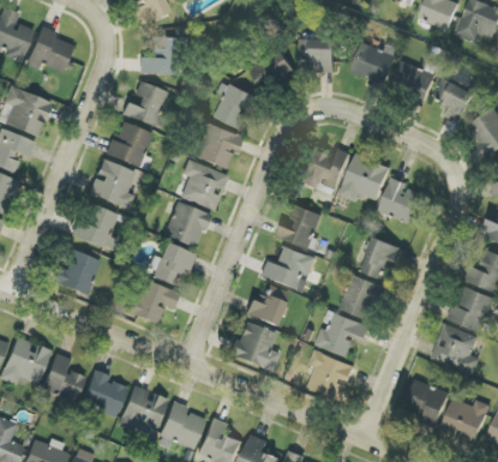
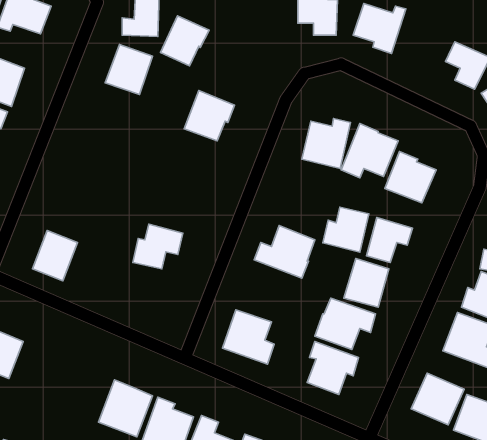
building: [247,48,294,92] -> none
building: [391,60,436,97] -> none
building: [214,84,258,130] -> [160,16,209,66]
building: [104,122,151,167] -> none
building: [180,160,227,210] -> none
building: [88,161,134,208] -> none
building: [163,202,209,248] -> none
building: [71,203,116,252] -> none
building: [277,206,319,247] -> [323,207,369,252]
building: [128,278,179,324] -> none
building: [245,286,287,325] -> none
building: [41,353,84,408] -> none
building: [82,370,125,414] -> none

